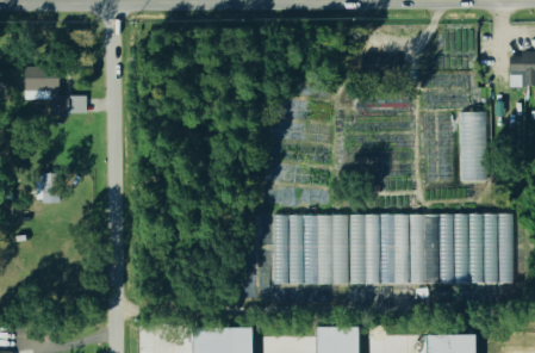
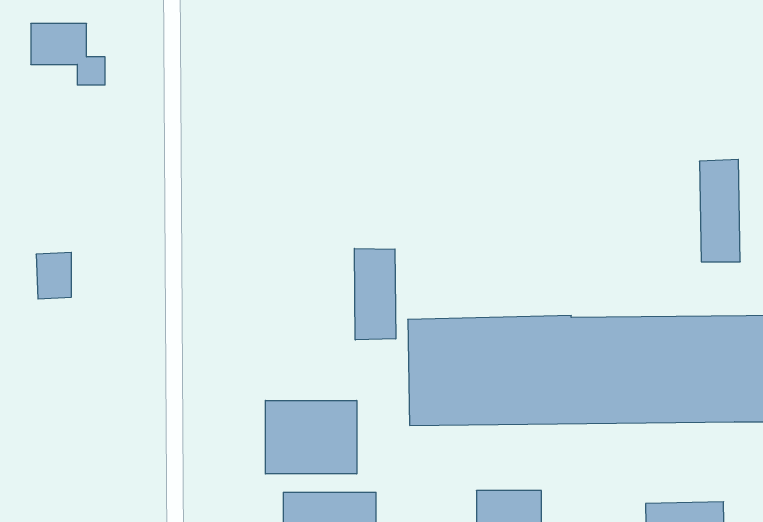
building: [21,75,69,114] -> [31,24,105,85]
building: none -> [354,248,396,340]
building: none -> [265,400,357,474]

